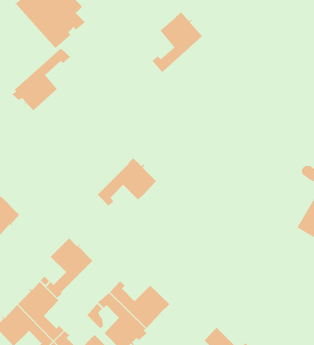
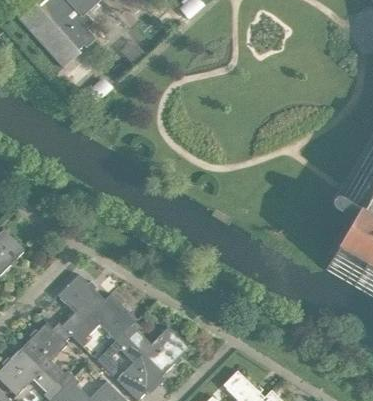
building: [152,12,203,73] -> none
building: [12,48,71,111] -> none
building: [97,157,157,207] -> [70,294,136,348]

